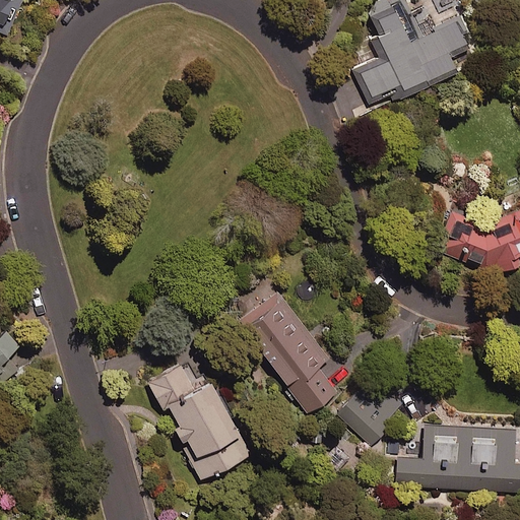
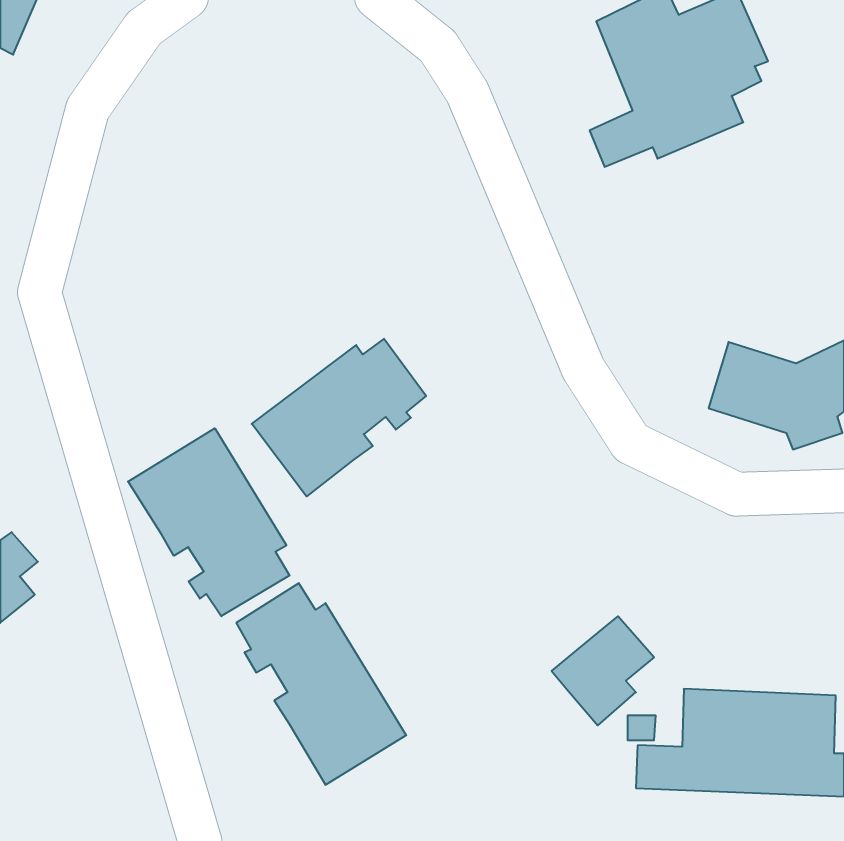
building: none -> [252,339,426,496]
building: none -> [128,428,290,616]
building: [238,291,336,412] -> none

